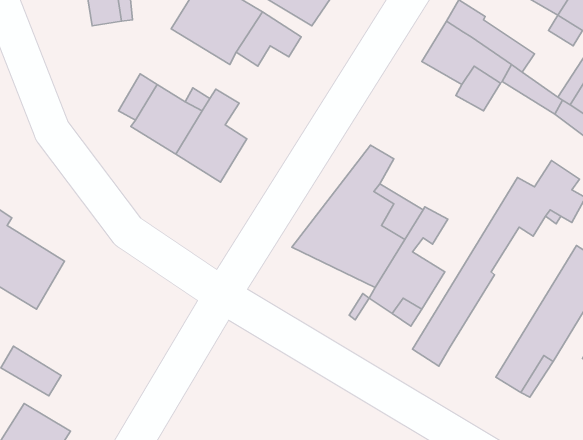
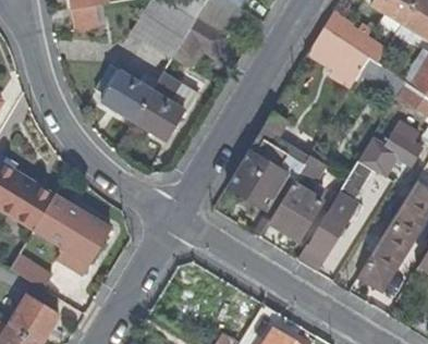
building: none -> [36,195,111,272]

